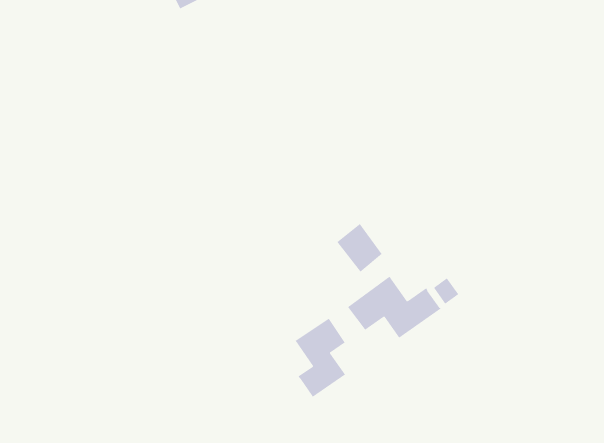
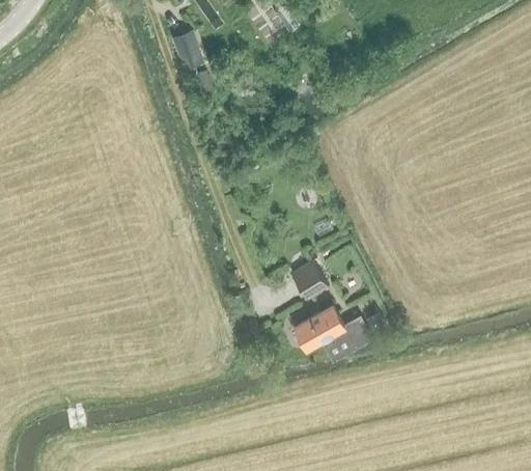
building: [295,318,346,398] -> none

